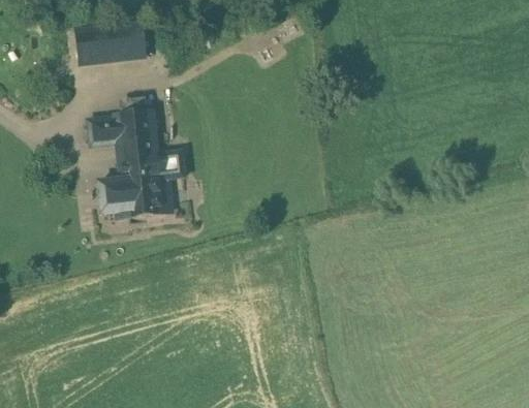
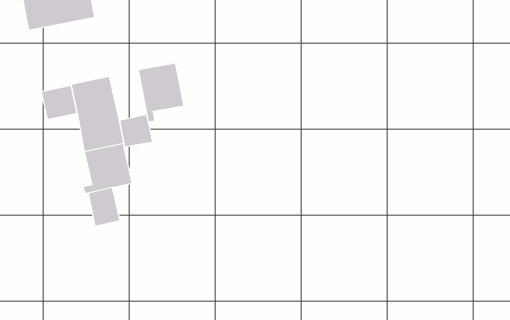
building: none -> [139,62,184,122]
building: [99,180,126,214] -> [88,187,120,226]

